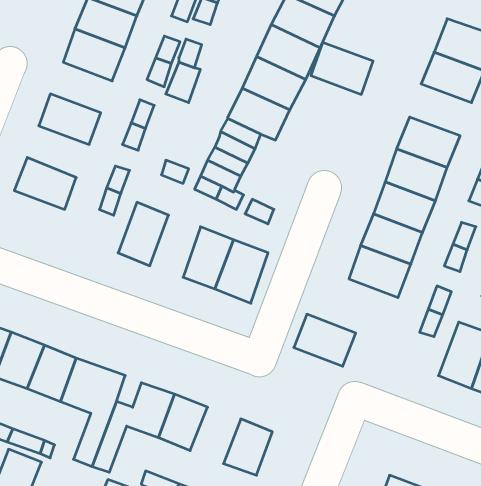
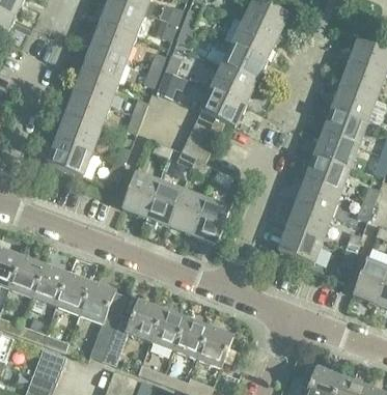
building: [311,42,373,94] -> [331,86,376,123]
building: none -> [73,70,117,107]
building: none -> [56,116,101,153]
building: none -> [144,180,181,225]
building: [294,314,356,366] -> [278,226,323,263]
building: none -> [173,318,210,359]

